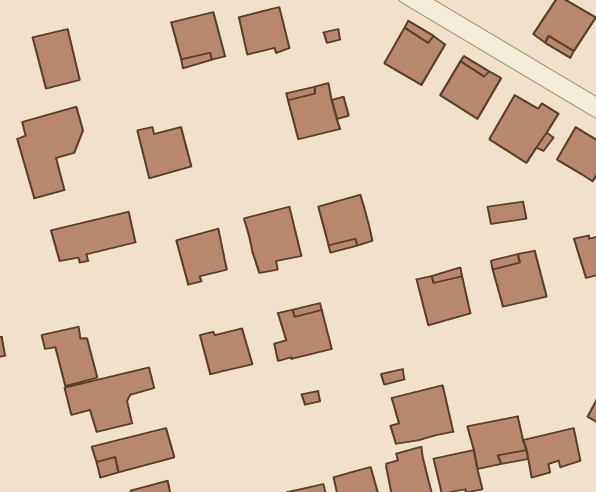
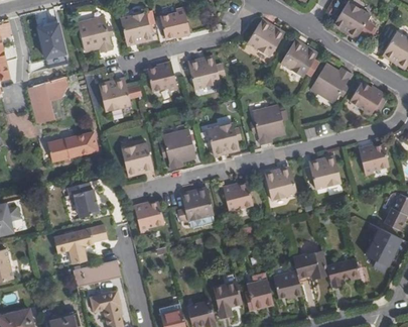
building: none -> [76,15,109,50]
building: none -> [145,60,175,90]
building: none -> [250,103,282,142]
building: none -> [223,181,253,208]
building: [42,327,97,386] -> [66,181,100,216]
building: [390,385,453,444] -> none

